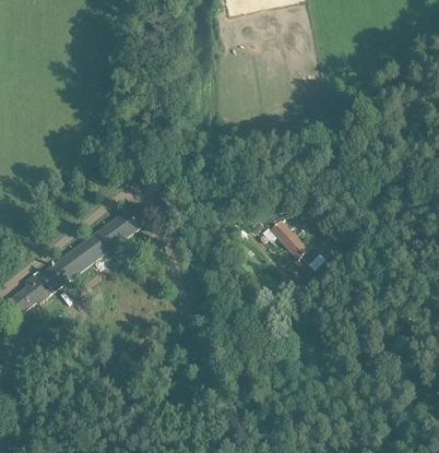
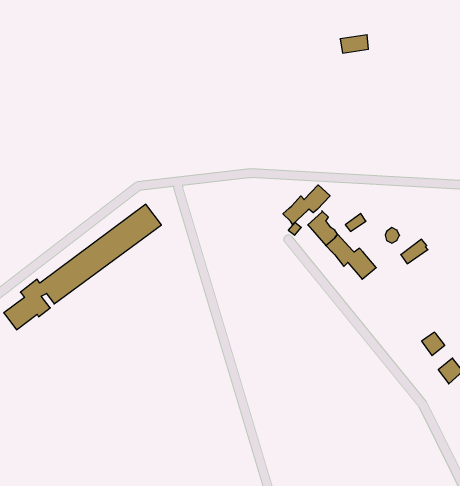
building: none -> [283,185,330,225]

